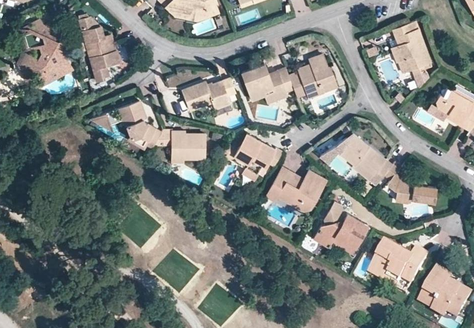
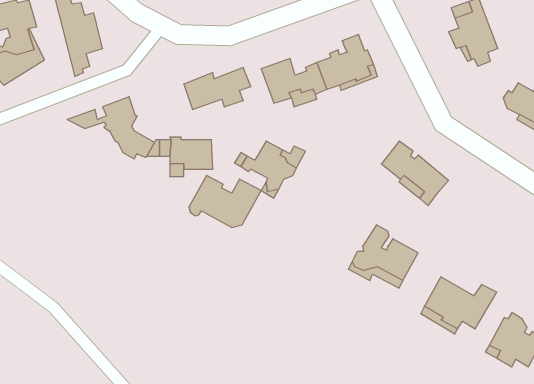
building: [383,163,436,203] -> none
building: [268,167,325,208] -> [189,175,261,227]

